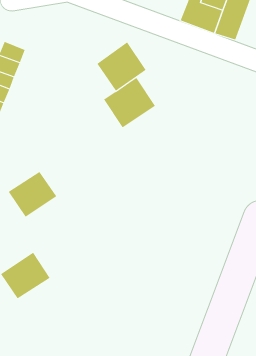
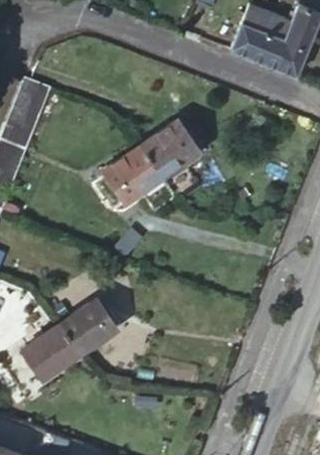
building: [97,42,147,91] -> [104,146,162,204]
building: [8,171,57,218] -> [58,300,116,354]

